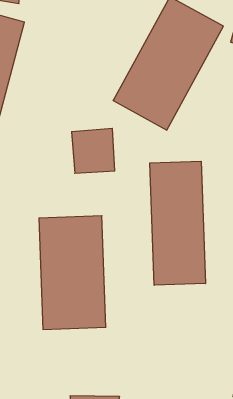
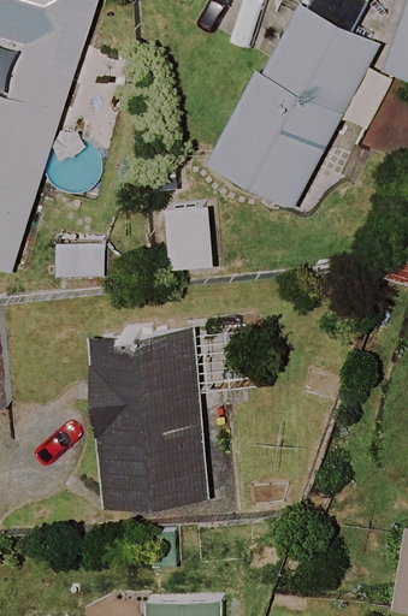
building: [150,161,205,285] -> none

